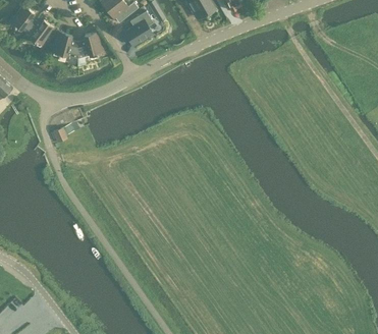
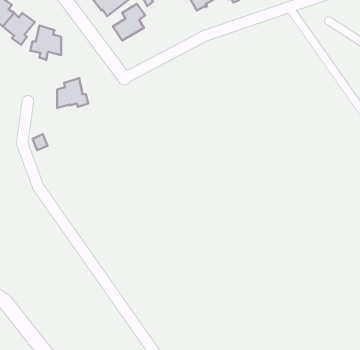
building: [78,32,106,58] -> [57,78,88,108]

